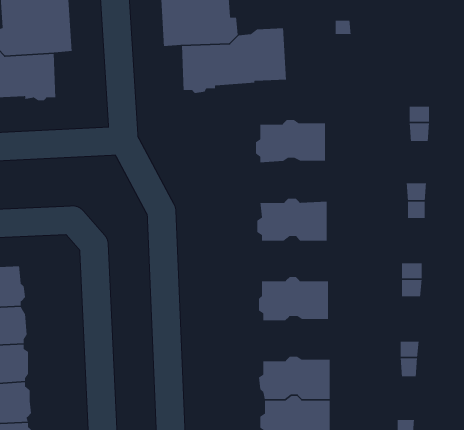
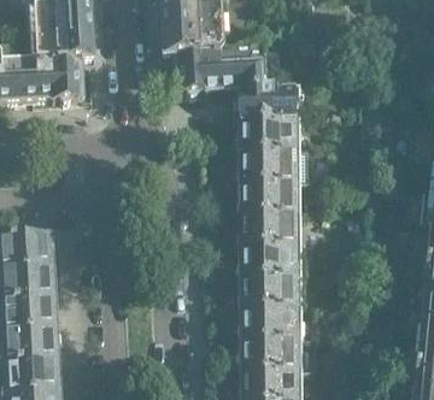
building: none -> [235,78,295,114]
building: none -> [240,142,297,177]
building: none -> [240,205,310,240]
building: none -> [241,269,299,304]

